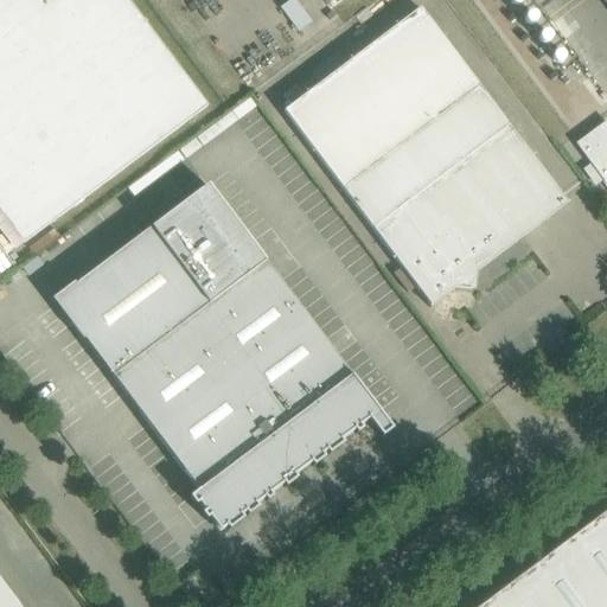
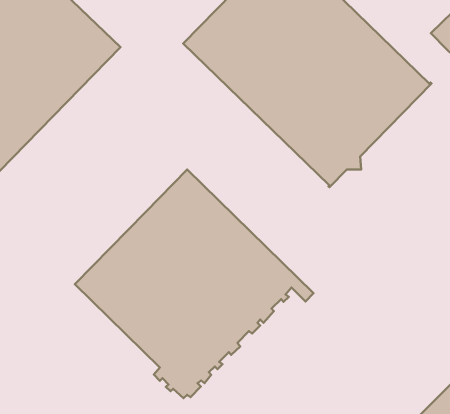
building: [55,183,266,373] -> none

